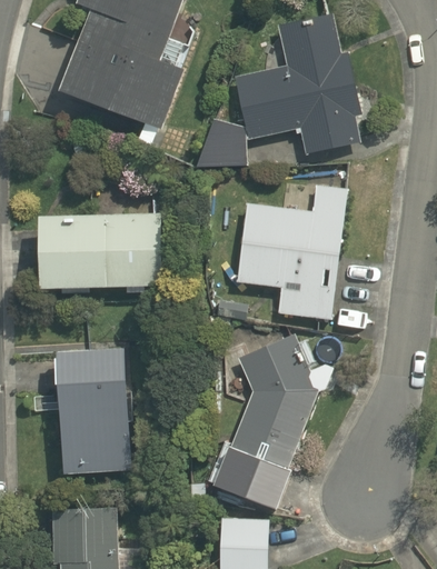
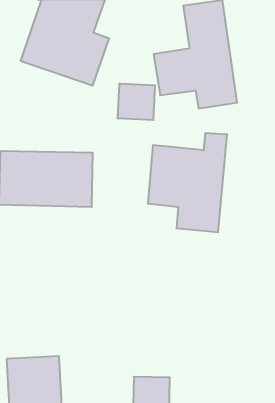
building: [218,335,321,511] -> none
building: [54,347,143,475] -> none

